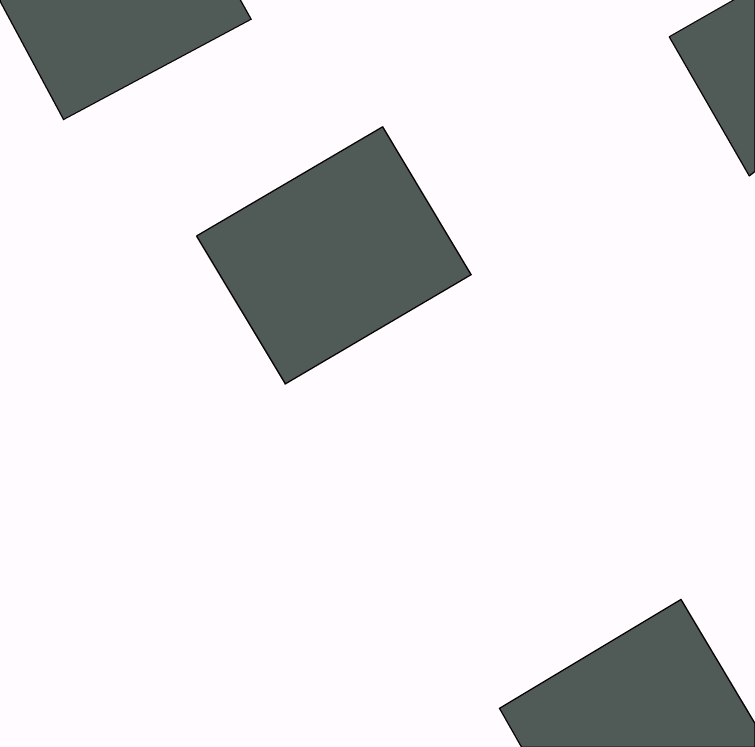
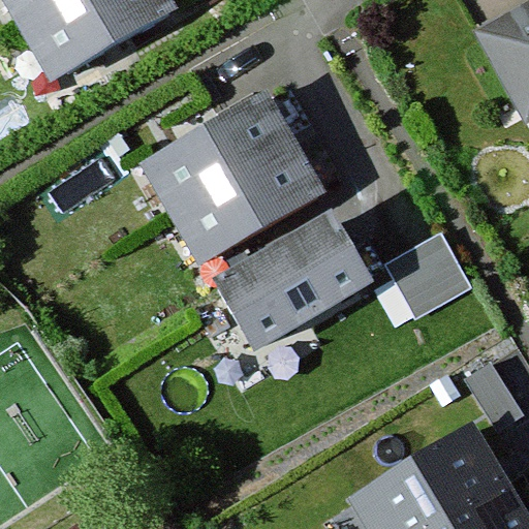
building: none -> [211,212,376,352]
building: none -> [387,228,473,315]

